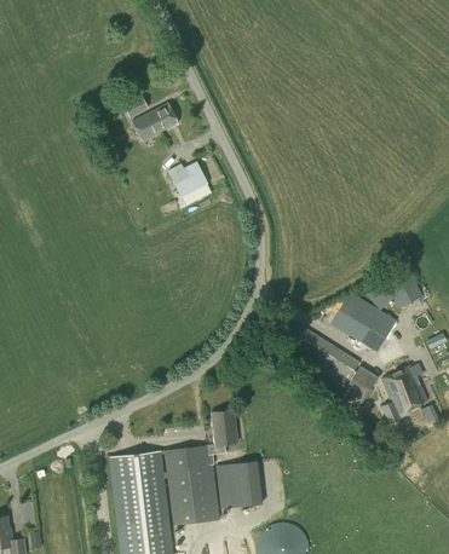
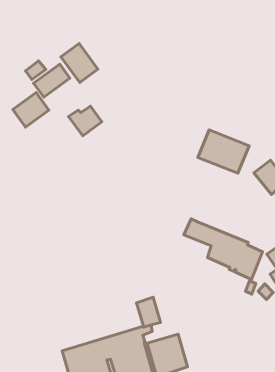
building: none -> [61,44,98,82]
building: none -> [13,93,49,127]
building: [330,293,396,352] -> [198,130,249,173]

